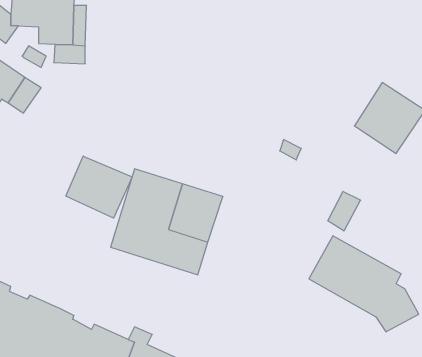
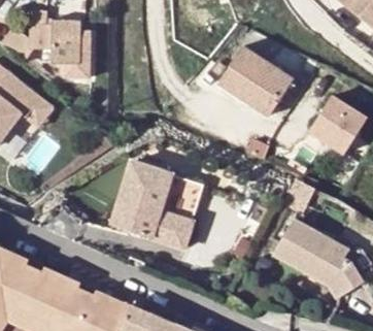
building: none -> [219,46,292,117]
building: [66,156,132,218] -> none

